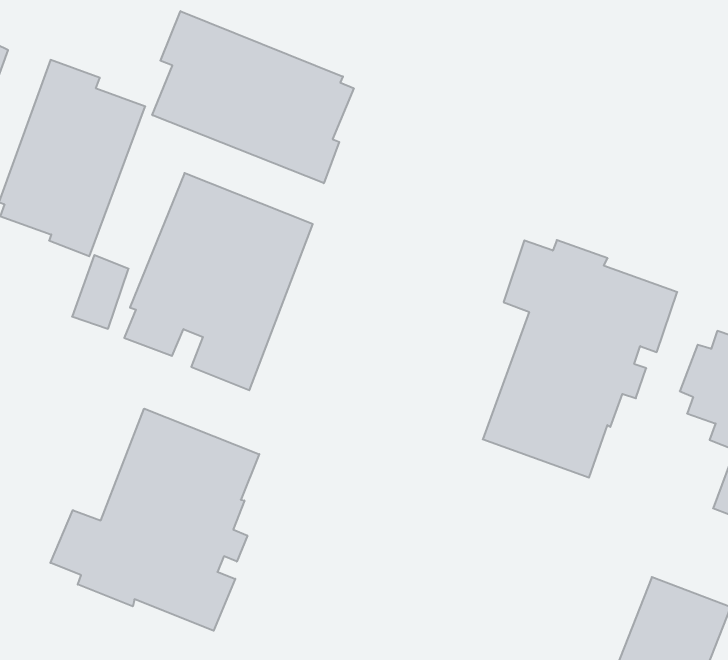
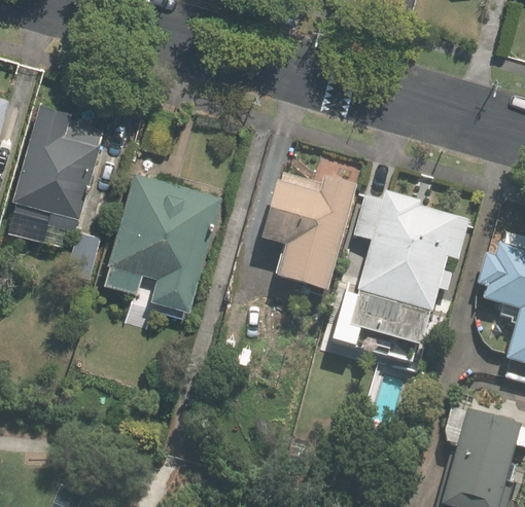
building: [152,11,354,183] -> none
building: none -> [261,174,357,294]
building: [50,409,259,631] -> none

